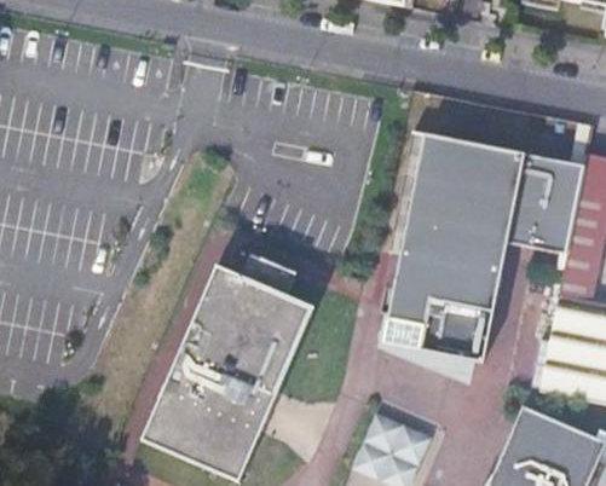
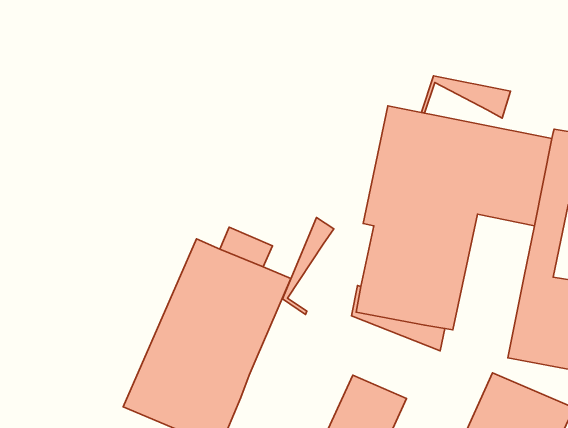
building: none -> [421,76,511,118]
building: none -> [282,218,334,314]

